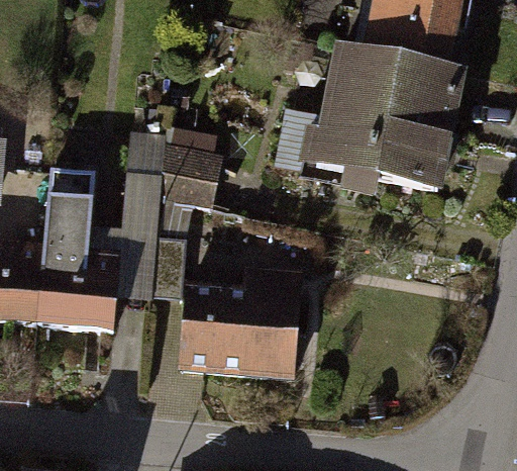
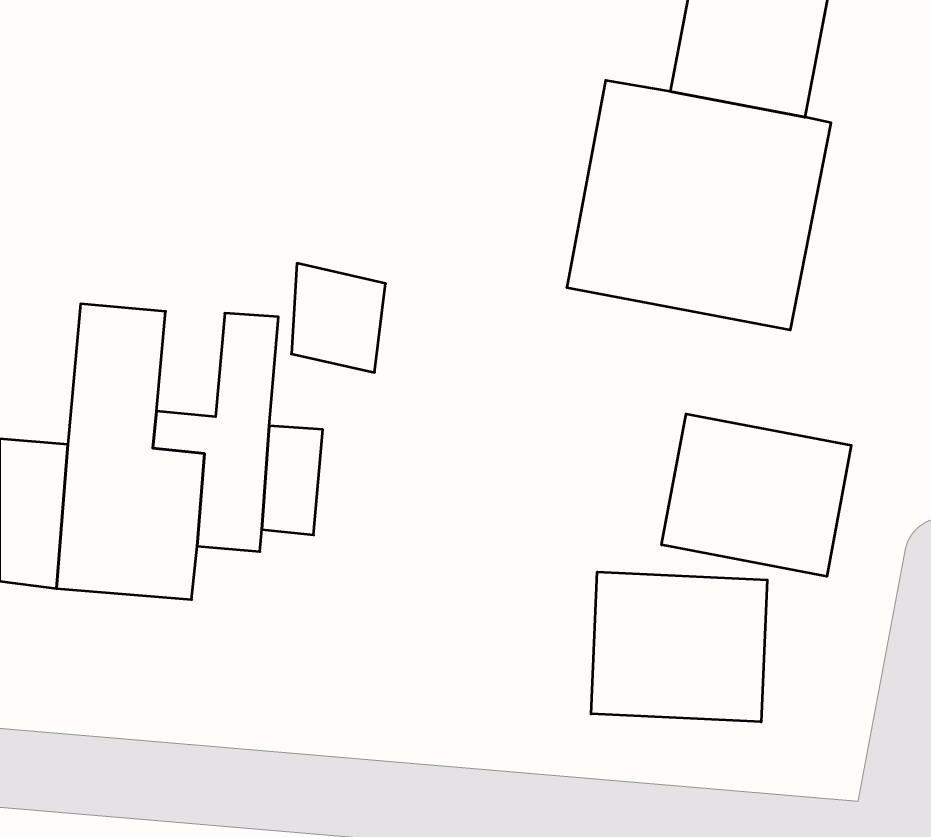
building: none -> [662,414,851,576]
building: [183,266,295,377] -> none
building: none -> [591,572,767,722]

